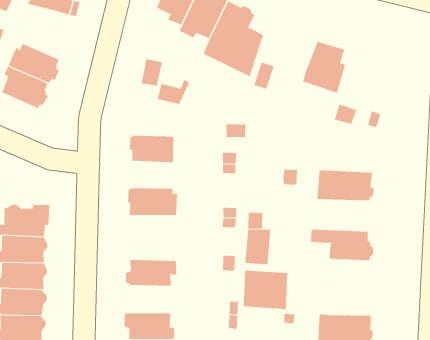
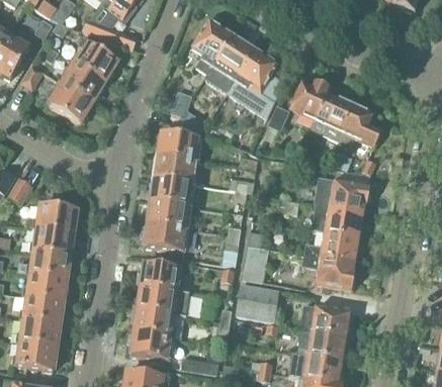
building: none -> [73,35,117,83]
building: none -> [290,81,330,118]
building: none -> [340,104,380,146]
building: none -> [157,132,199,162]
building: none -> [316,182,371,213]
building: none -> [150,178,191,206]
building: none -> [302,232,359,264]
building: none -> [143,224,186,253]
building: none -> [132,285,188,315]
building: none -> [300,307,350,336]

